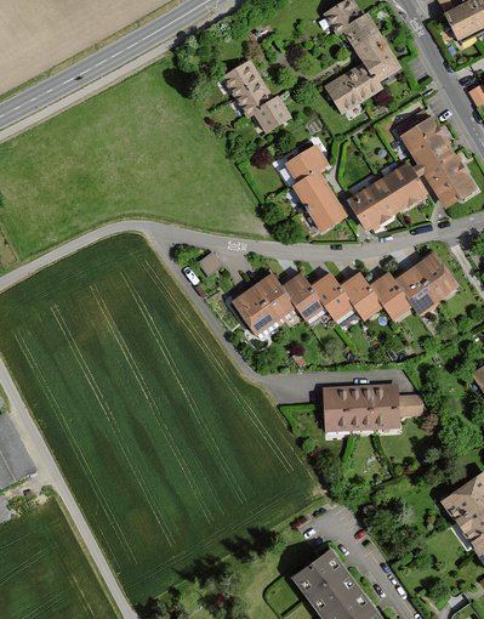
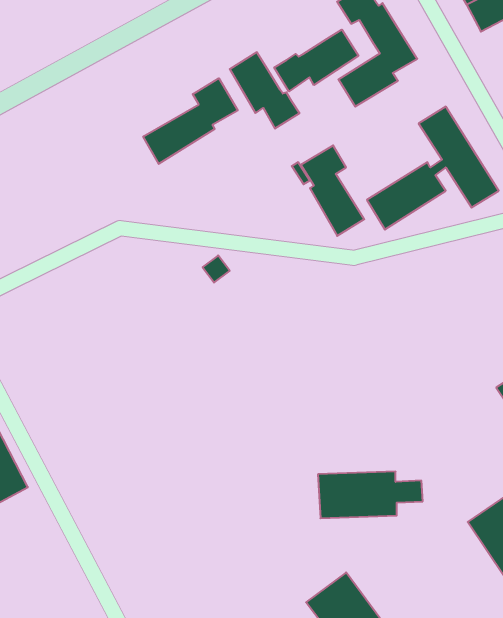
building: none -> [274,30,358,91]
building: none -> [143,78,238,164]
building: [234,254,459,335] -> none
building: [323,386,421,430] -> [318,472,423,518]

